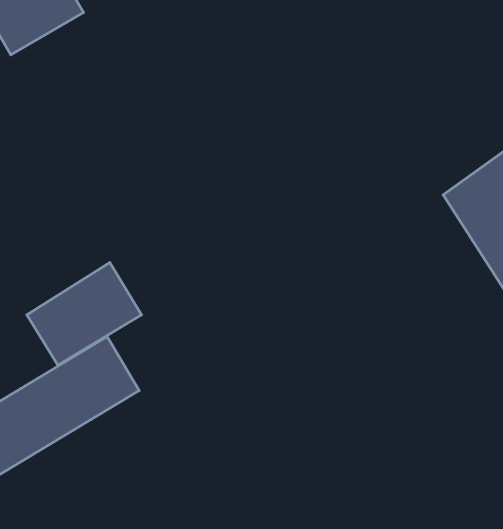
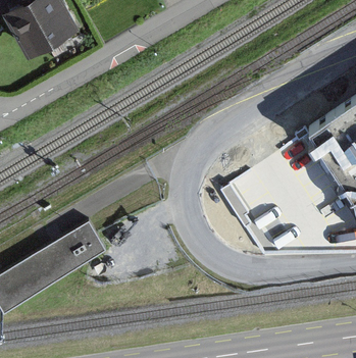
building: [27,262,141,365] -> none

